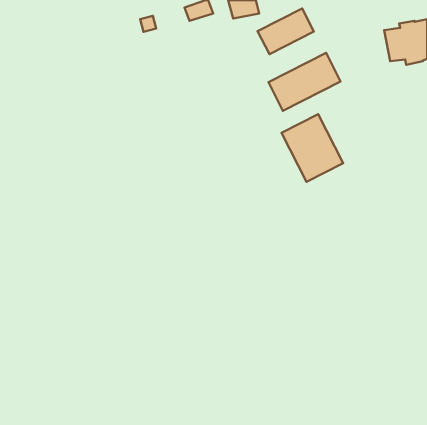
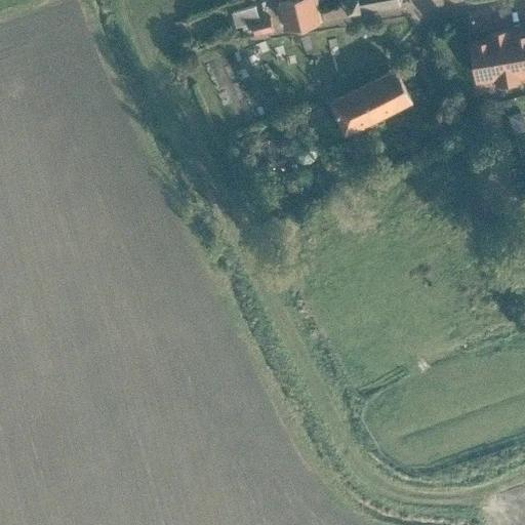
building: [258,9,314,54] -> none
building: [282,114,343,182] -> none

